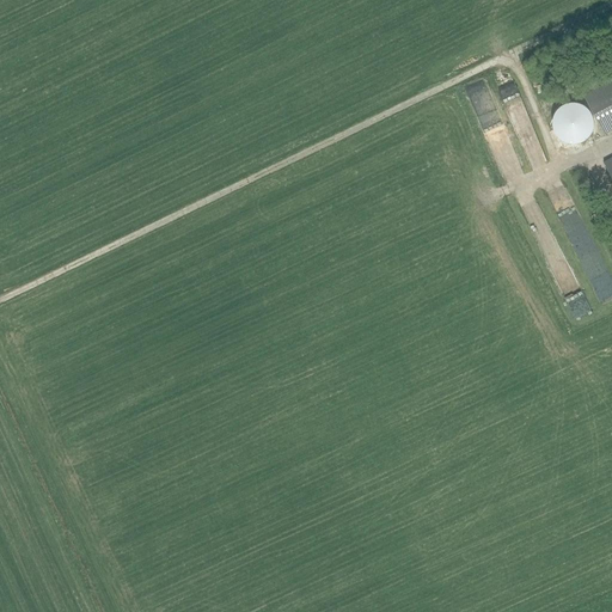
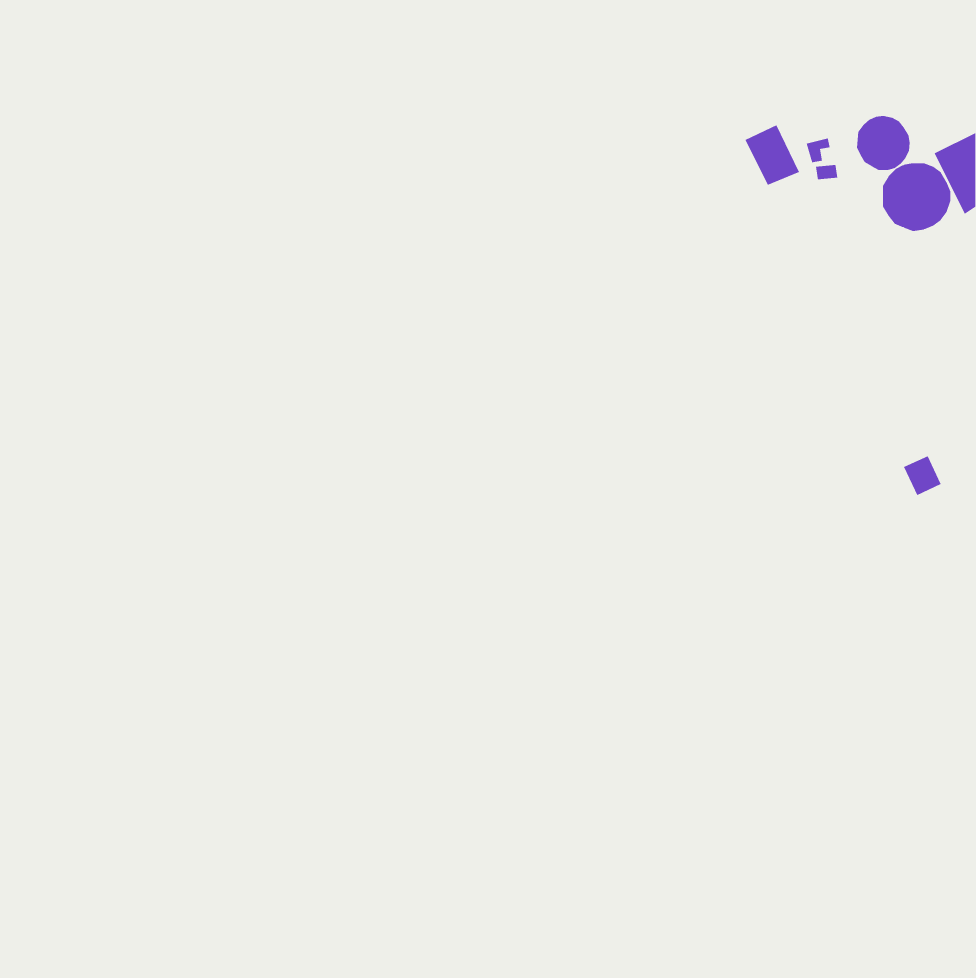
building: none -> [856,115,910,171]

